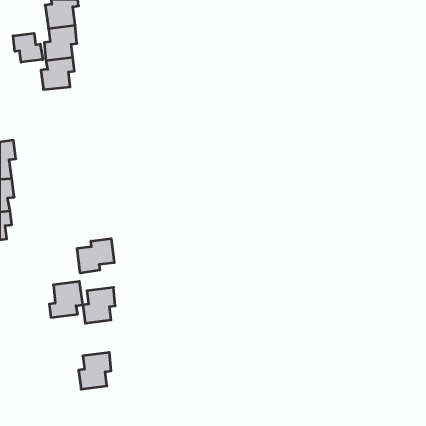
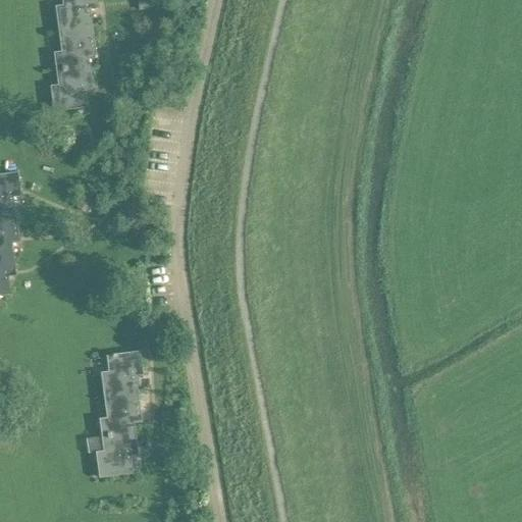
building: [13,33,43,62] -> none
building: [77,239,114,273] -> none
building: [49,281,83,317] -> [99,390,140,434]

